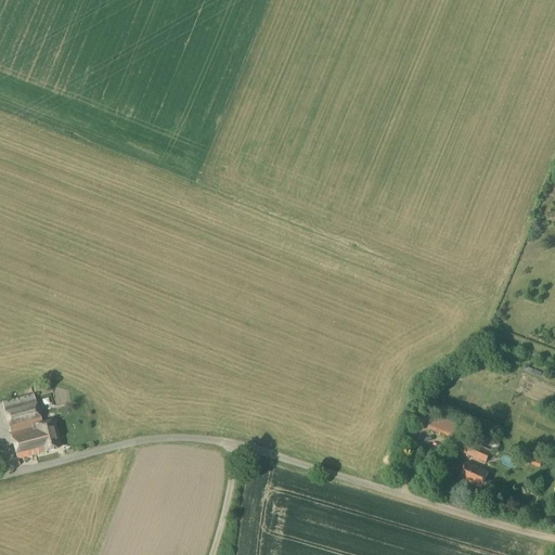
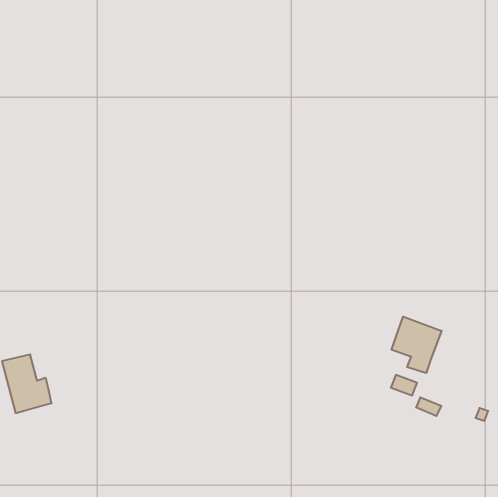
building: none -> [392,317,442,373]
building: [459,462,488,488] -> none

